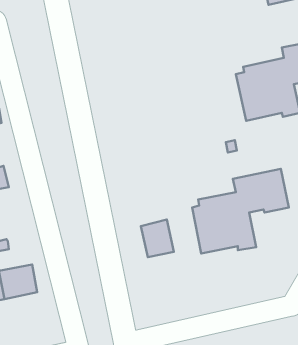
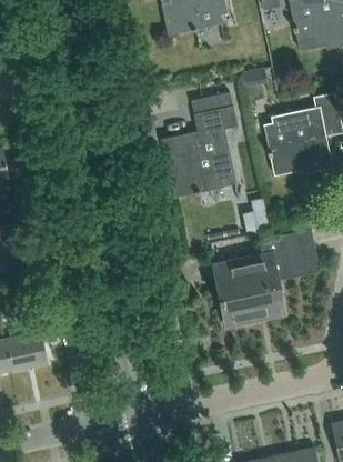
building: none -> [162,93,236,198]
building: [141,219,174,257] -> none

